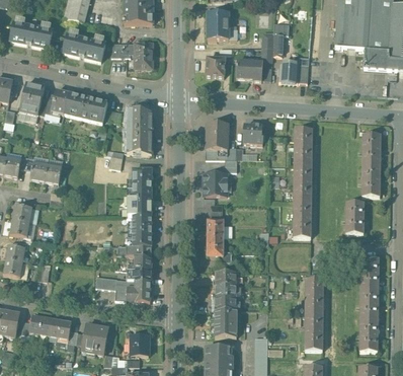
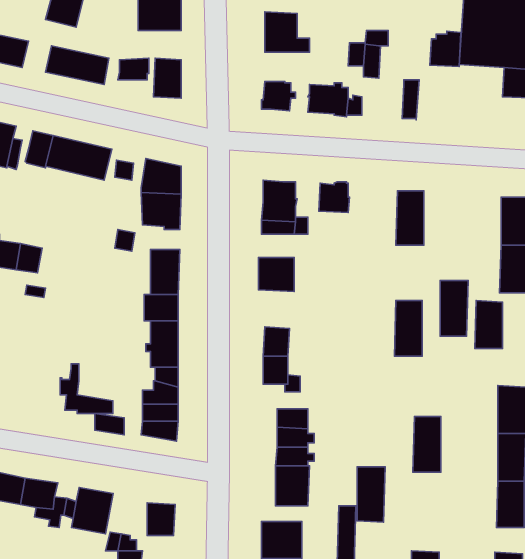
building: [278,58,299,81] -> [430,31,461,67]
building: [294,164,312,201] -> [440,280,468,336]
building: [115,269,150,301] -> [60,364,113,413]
building: [305,313,323,350] -> [357,467,385,522]

